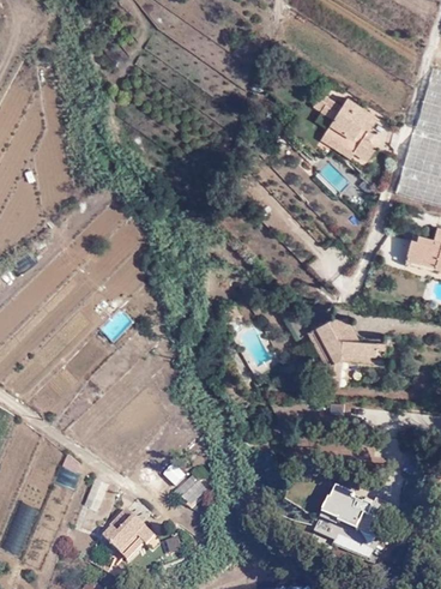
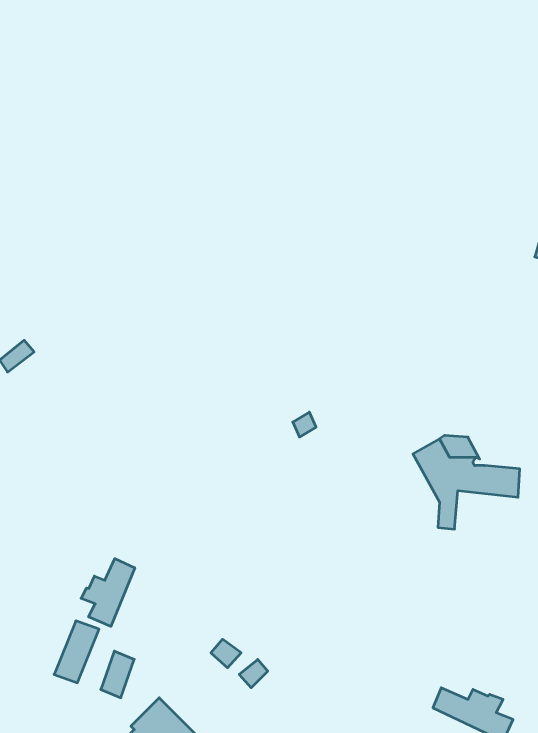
building: [314,94,379,161] -> none
building: none -> [81,559,135,626]

